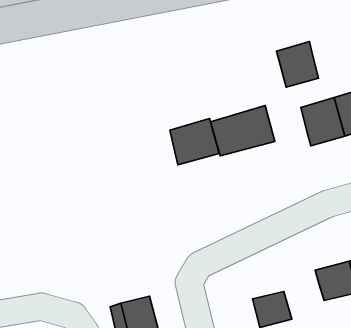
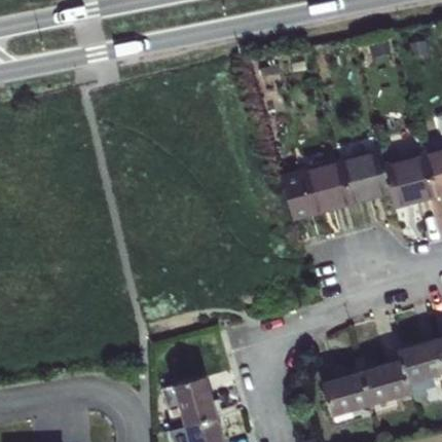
building: [276,41,319,87] -> [342,149,391,201]
building: [170,118,219,165] -> none
building: none -> [364,365,413,406]

